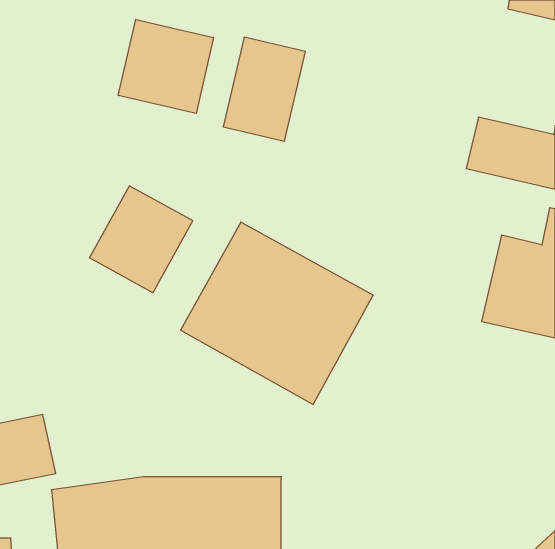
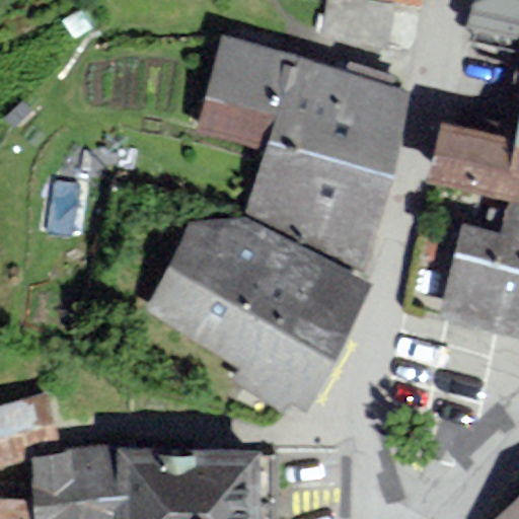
building: [118,19,214,113] -> none
building: none -> [249,57,400,247]
building: [90,186,193,293] -> none

